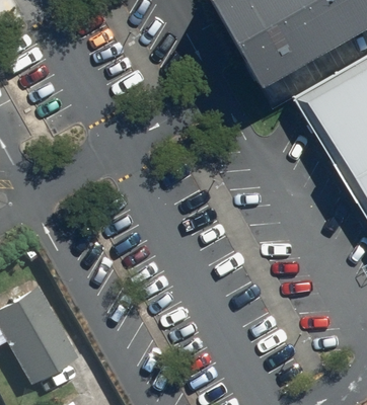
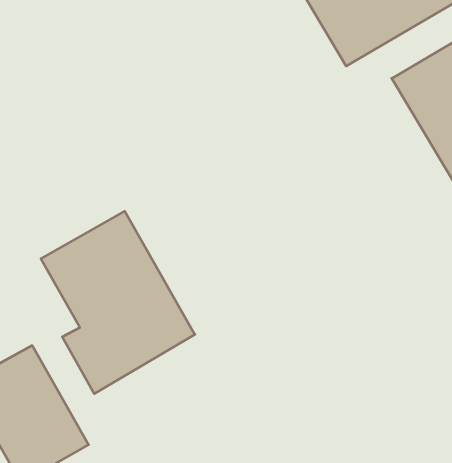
building: none -> [41,211,195,394]

